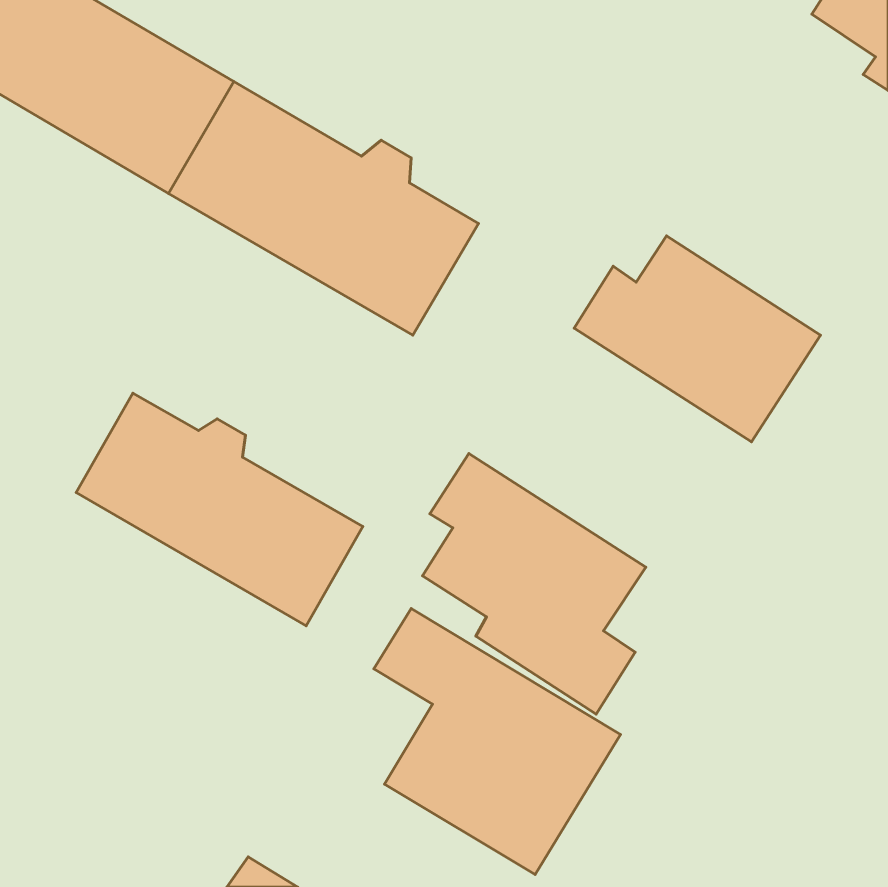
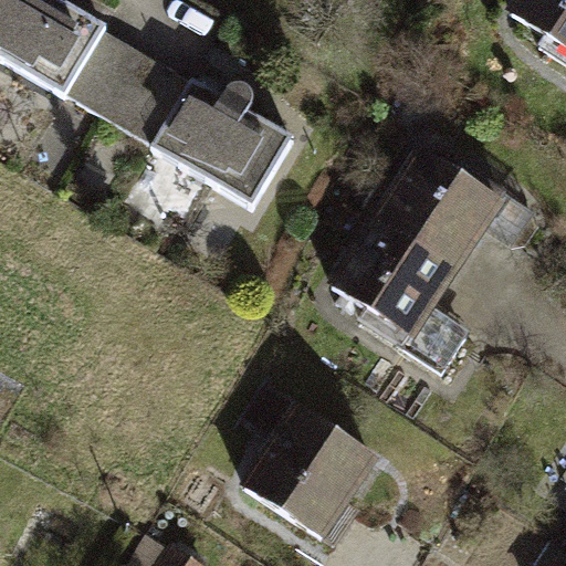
building: [76,393,363,626] -> none
building: [423,453,646,714] -> [329,205,469,367]

